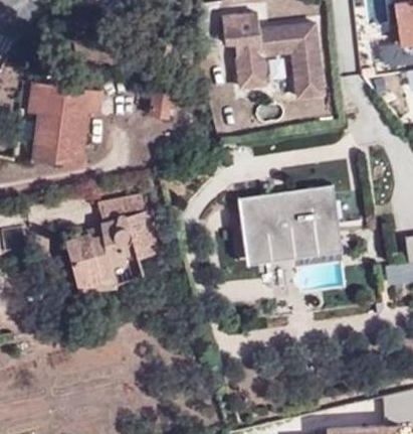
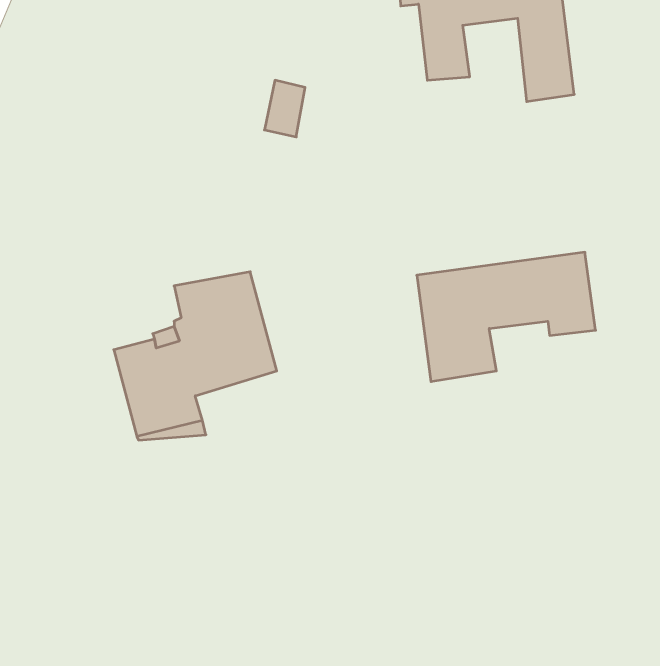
building: [28,83,102,167] -> none
building: [278,225,340,253] -> none

